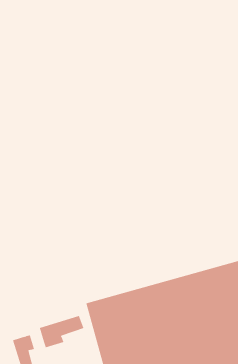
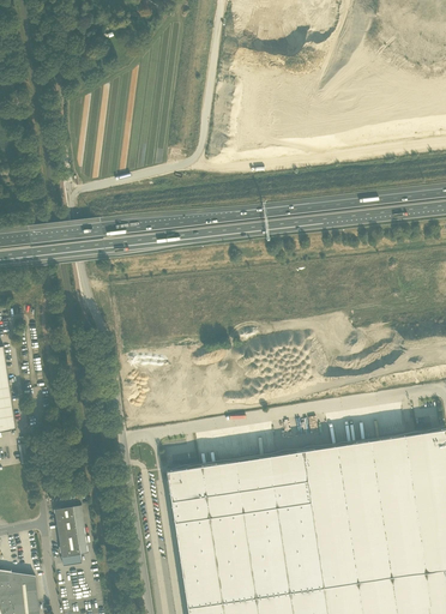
building: [39,315,84,348] -> none

